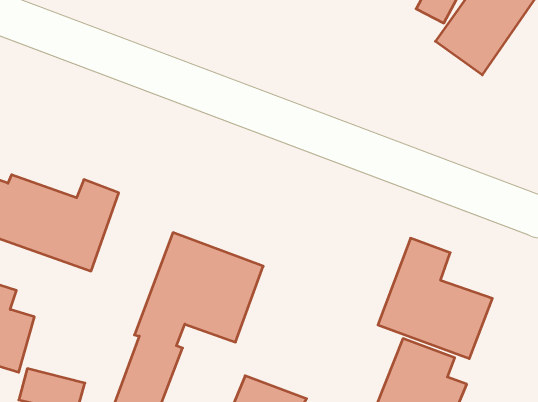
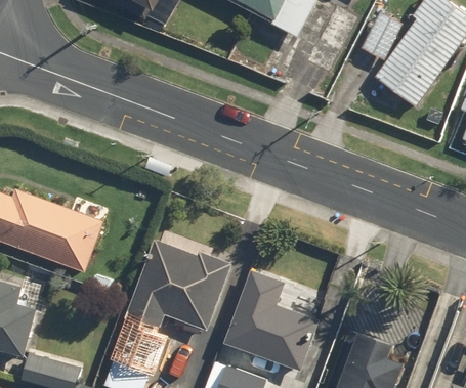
building: [378,238,492,359] -> [223,269,321,372]

